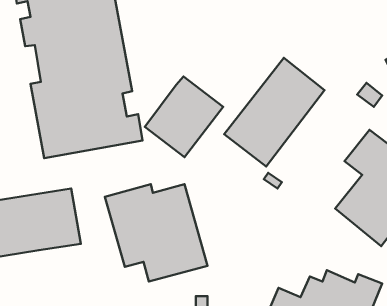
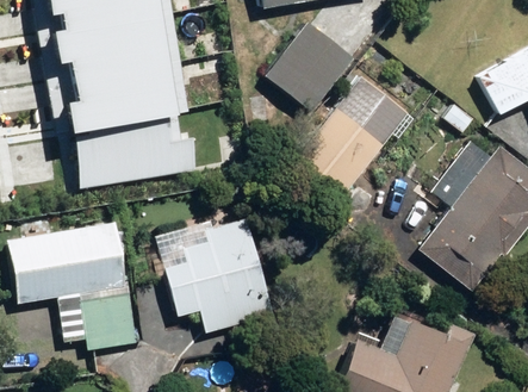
building: [145,77,223,157] -> [265,20,354,112]
building: none -> [81,287,137,350]

